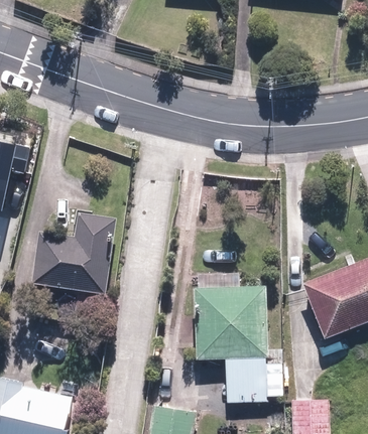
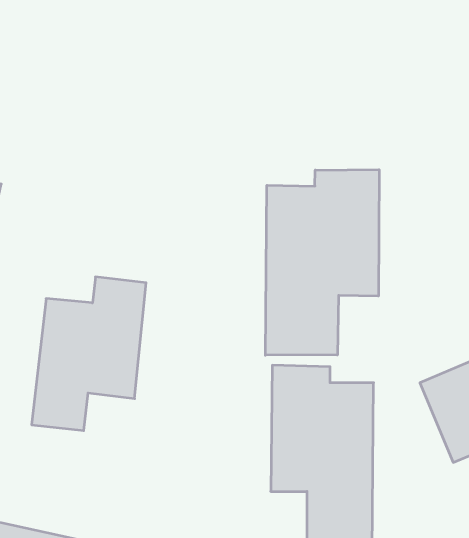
building: none -> [265,170,379,355]

